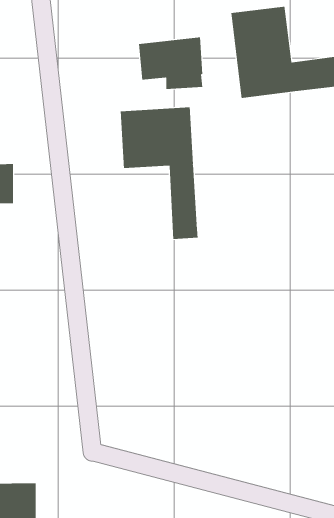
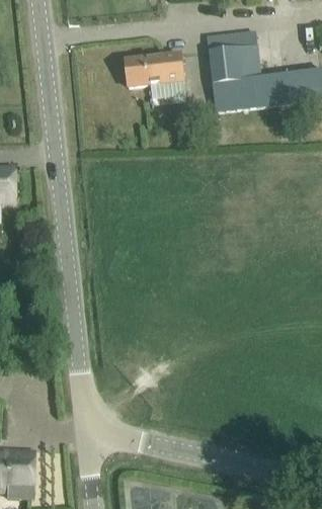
building: [120,107,198,240] -> none

